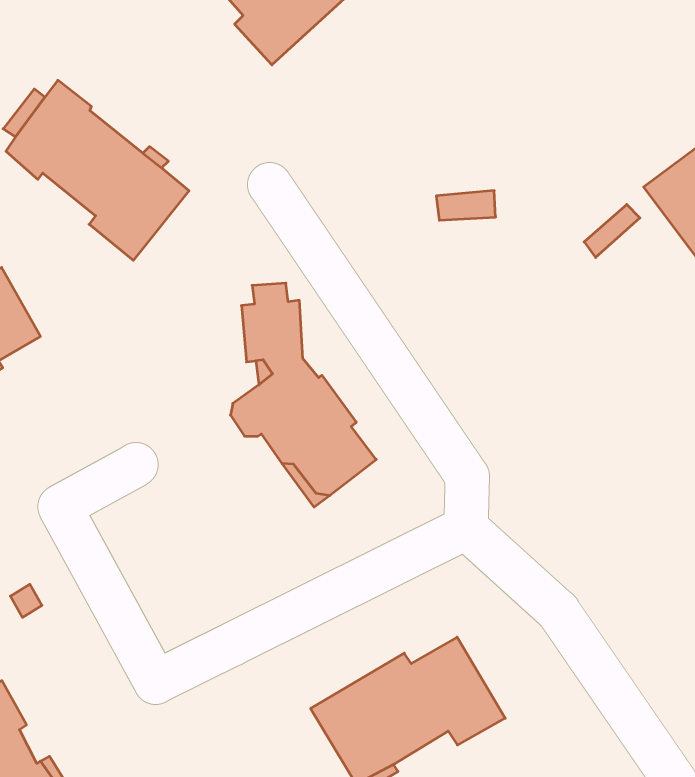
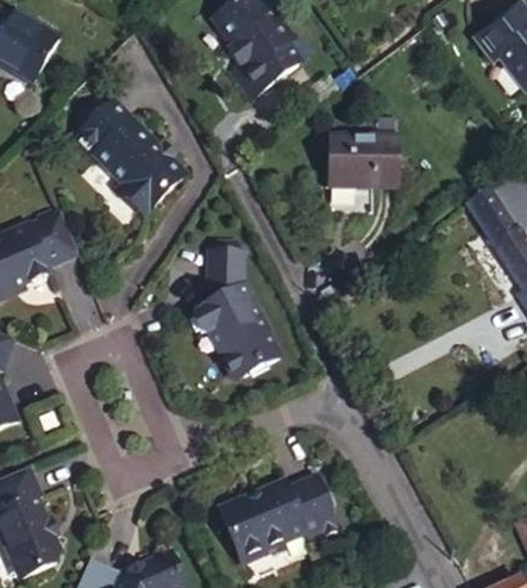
building: none -> [331,137,396,190]

